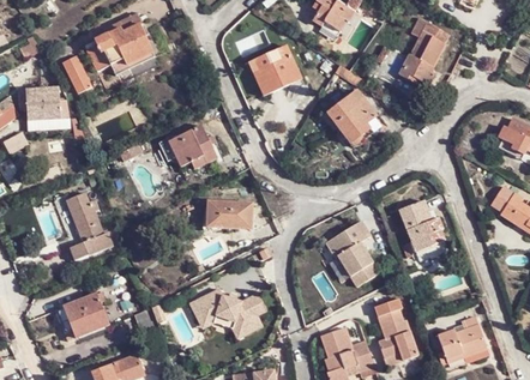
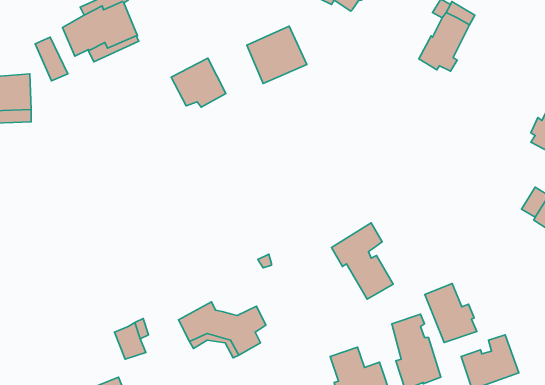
building: [326,91,375,145] -> none
building: [168,125,216,168] -> [171,58,226,107]
building: [65,193,114,260] -> none
building: [399,200,445,252] -> [425,284,477,342]
building: [206,201,252,230] -> none
building: [55,294,109,339] -> none

